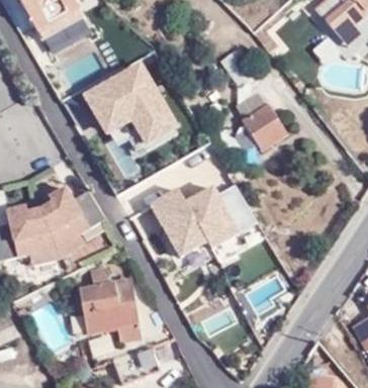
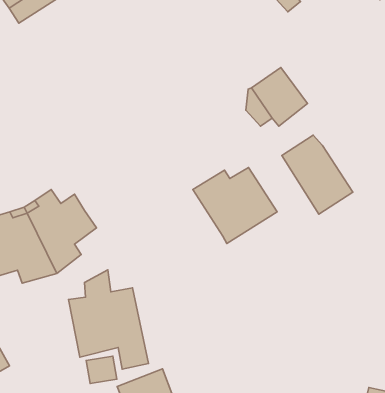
building: [82,61,174,147] -> none
building: [151,189,207,255] -> [282,135,353,214]

